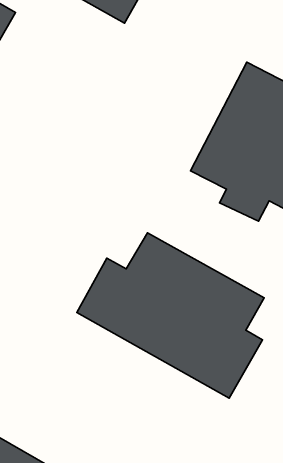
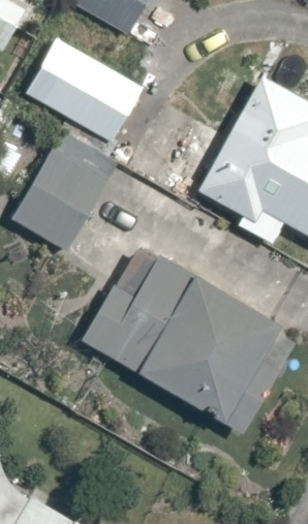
building: none -> [25,34,148,154]
building: none -> [6,129,105,243]

